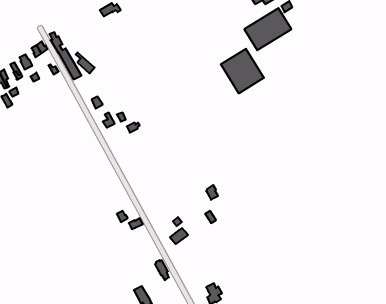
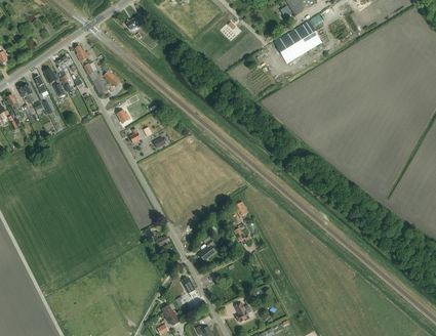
building: [221,49,264,93] -> none

